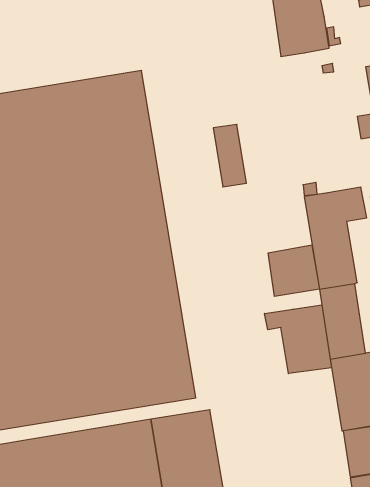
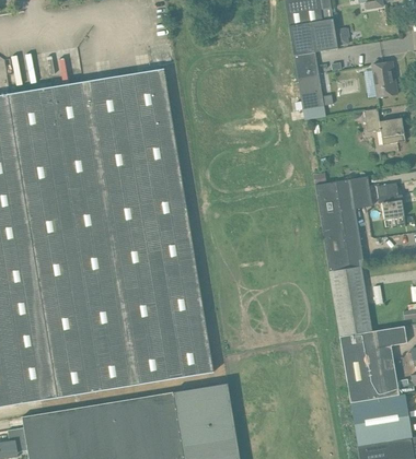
building: [213,124,246,187] -> [292,51,323,109]
building: [268,245,319,296] -> none
building: [265,305,332,374] -> none

